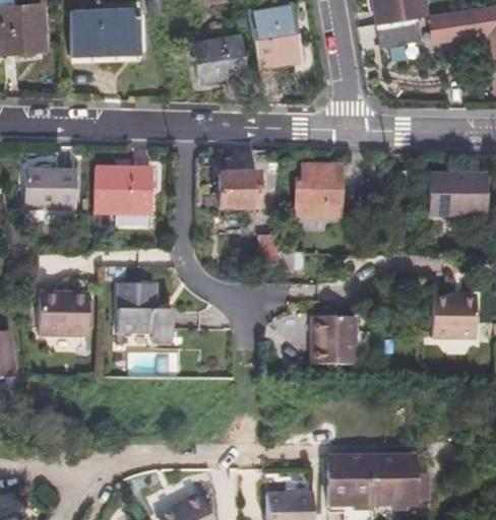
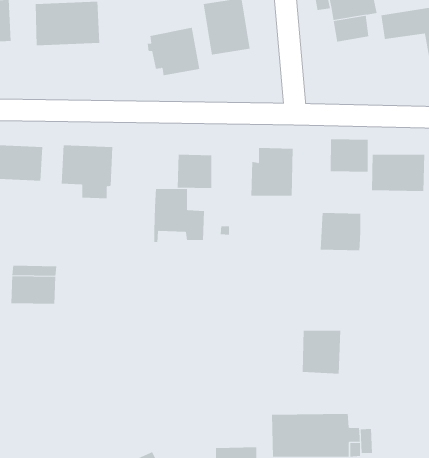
building: none -> [330,139,368,173]
building: [117,286,173,345] -> [153,188,205,242]
building: [438,296,483,337] -> [320,213,361,251]
building: [311,317,354,365] -> [302,330,341,374]

